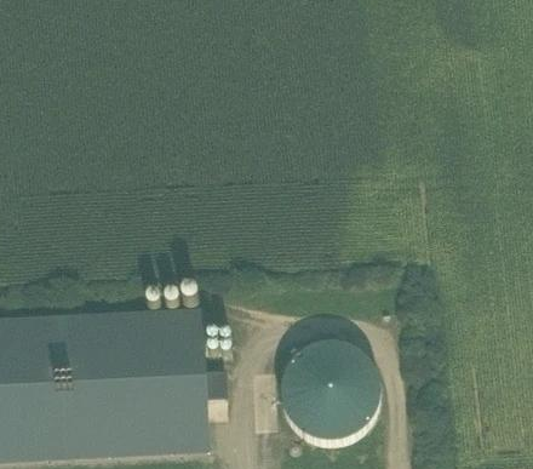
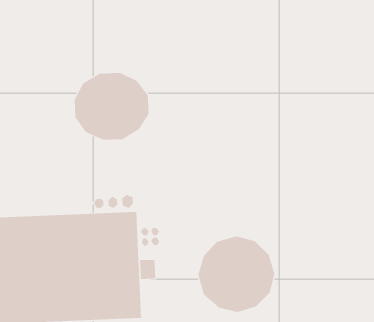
building: none -> [74,72,149,140]

